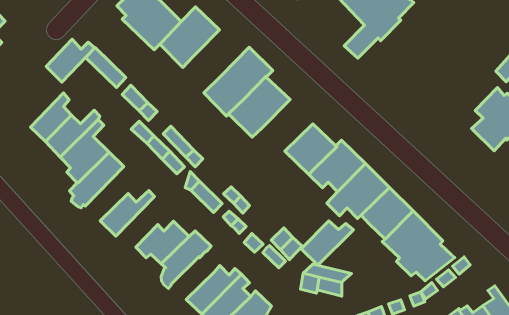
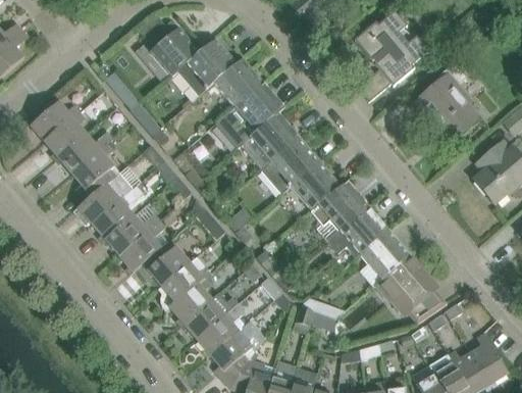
building: none -> [412,63,479,141]
building: none -> [213,58,264,108]
building: [46,39,95,82] -> [31,102,80,143]
building: none -> [260,137,320,195]
building: none -> [92,185,145,240]
building: none -> [119,220,167,273]
building: [301,221,353,265] -> none
building: none -> [169,278,213,324]

